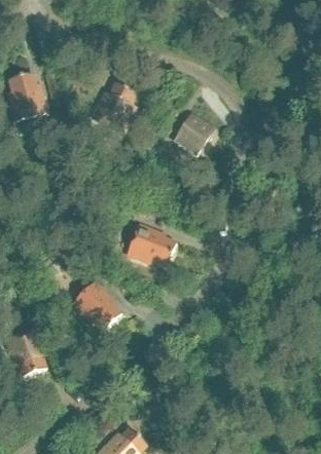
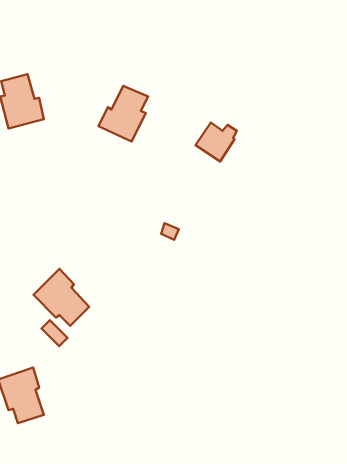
building: [128,222,176,263] -> none
building: [72,279,120,329] -> [33,269,89,326]

